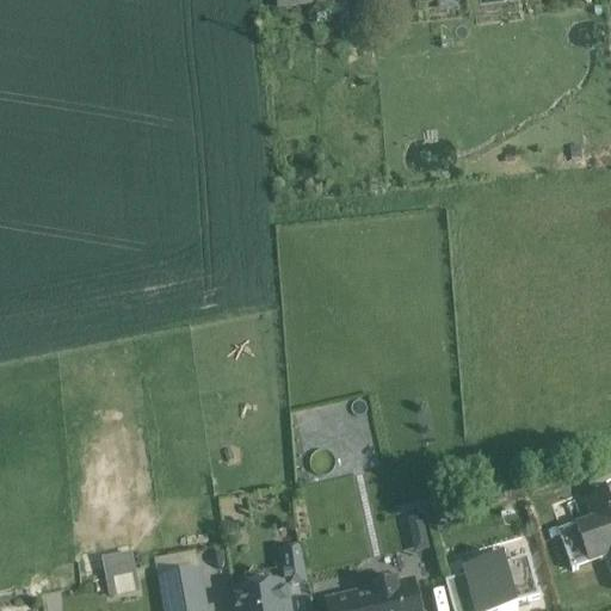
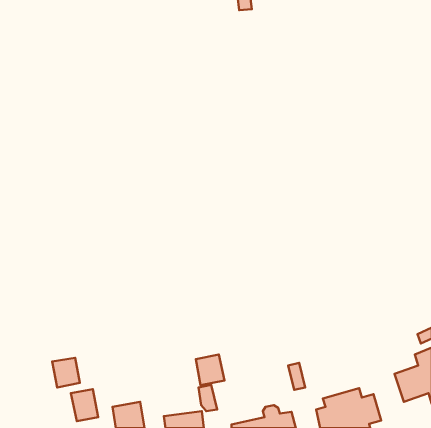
building: none -> [196,355,224,385]
building: none -> [52,358,80,387]

